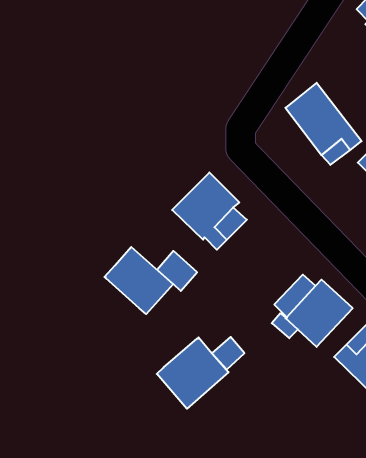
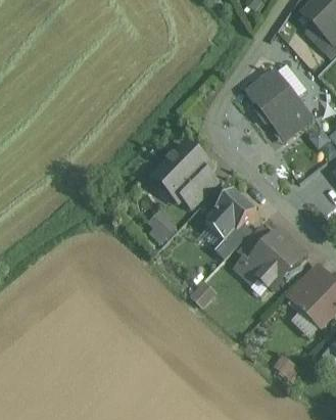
building: none -> [206,189,257,241]
building: [104,247,173,314] -> none
building: [157,337,229,409] -> none

